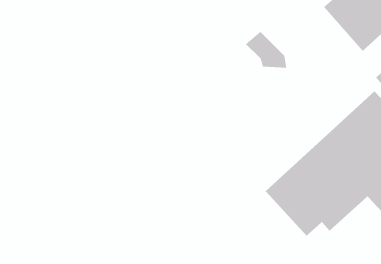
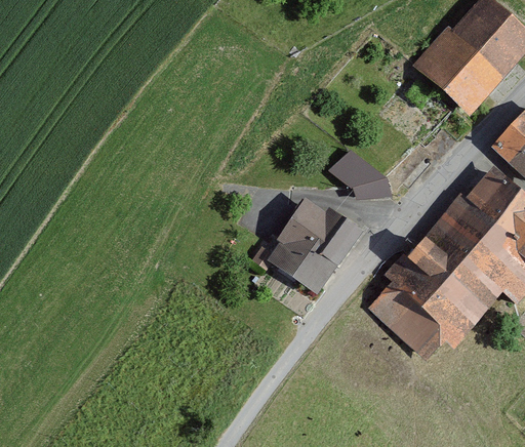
building: [245,31,287,68] -> [336,154,393,199]
building: none -> [268,202,359,295]

